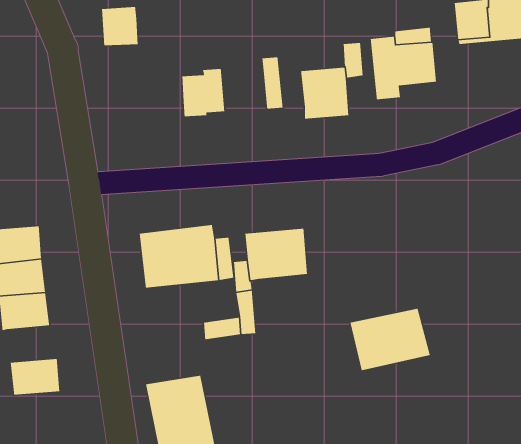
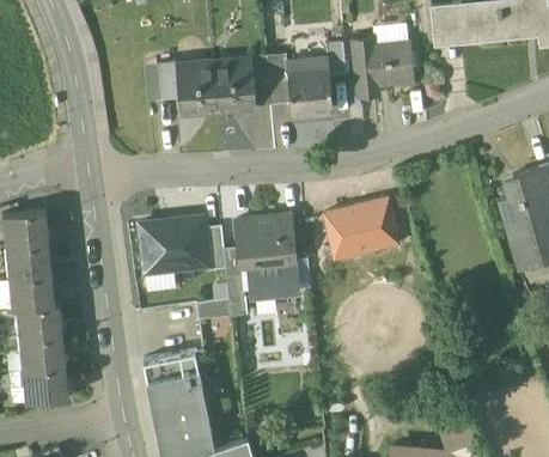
building: [101,6,138,46] -> [144,62,178,99]
building: none -> [267,54,291,104]
building: none -> [214,66,256,109]
building: none -> [249,258,298,294]
building: [350,308,431,371] -> [323,197,398,256]
building: none -> [16,305,62,340]
building: none -> [22,367,68,403]

